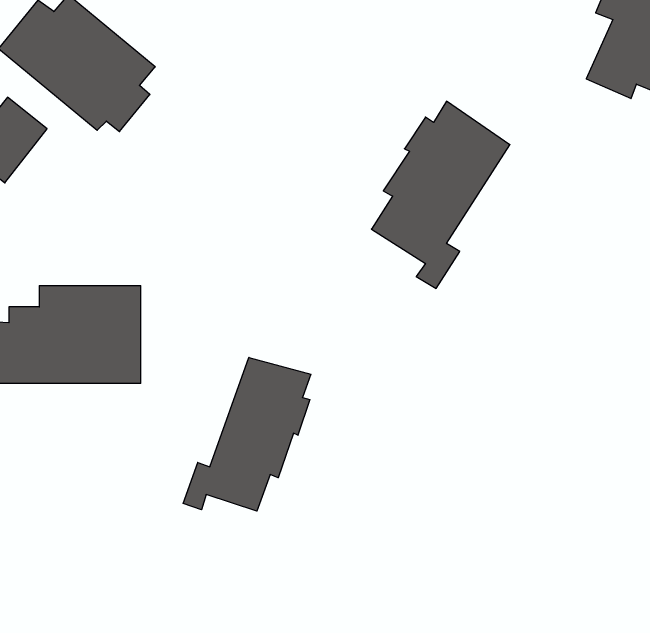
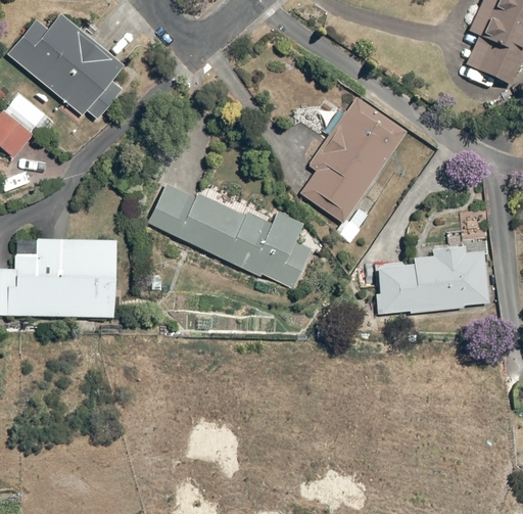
building: none -> [147,180,312,290]
building: none -> [374,233,490,314]
building: [183,357,311,511] -> none

